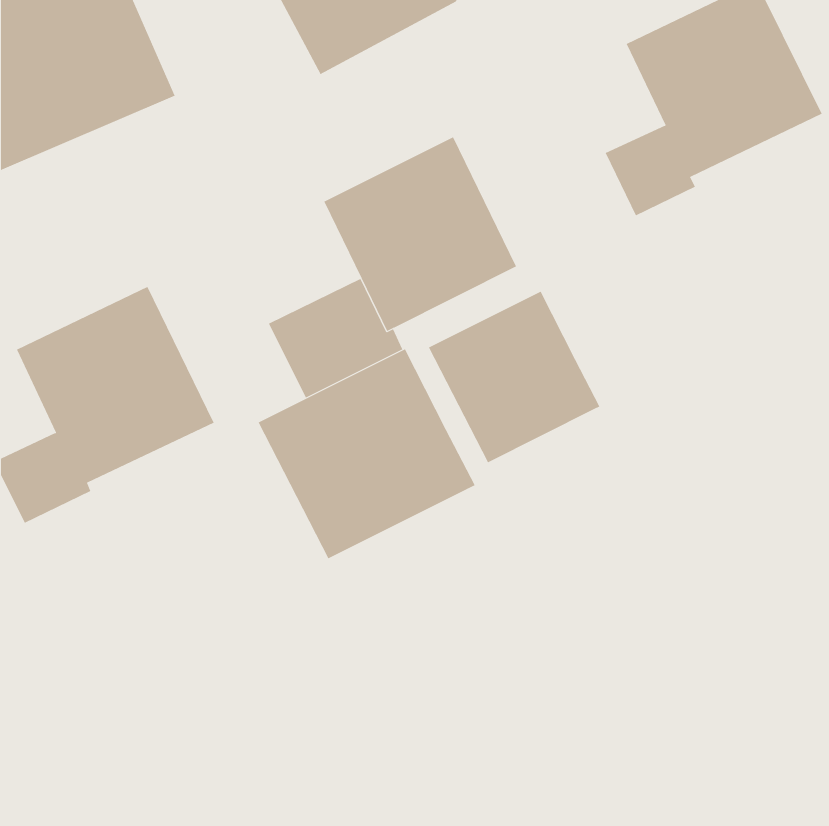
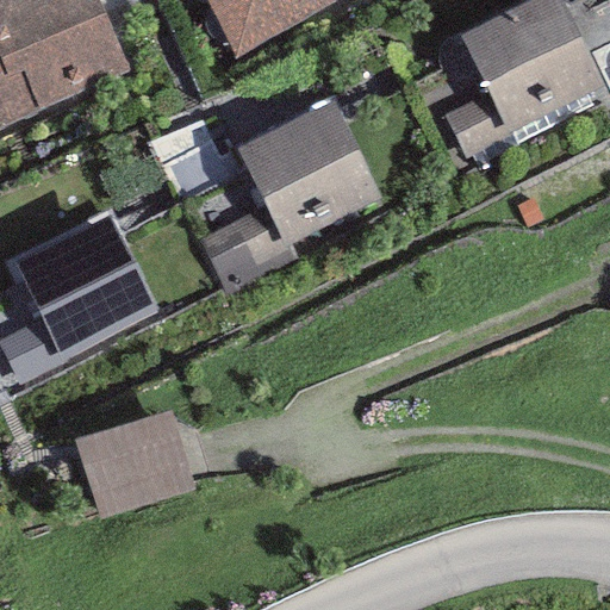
building: [428,291,600,463] -> none
building: [258,349,475,559] -> none
building: none -> [73,407,195,517]

